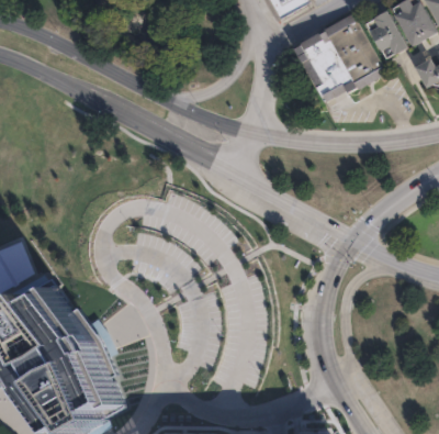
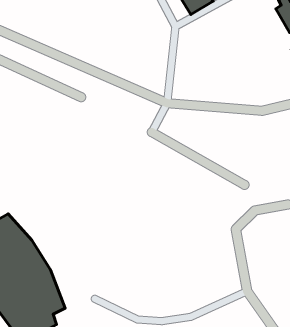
building: [293,12,386,102] -> none
building: [370,13,404,54] -> none

